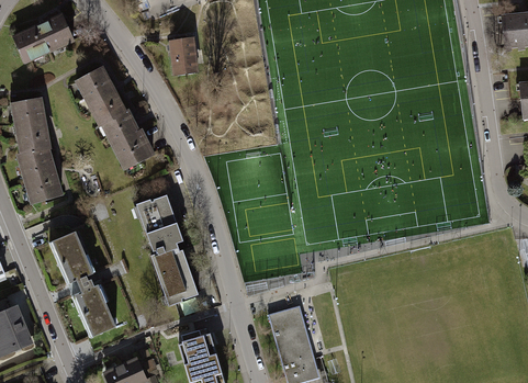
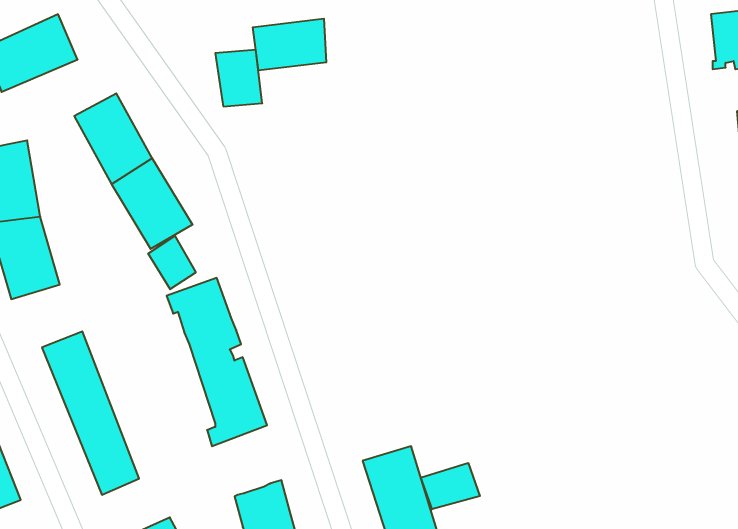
building: none -> [253,19,326,71]
building: none -> [148,236,196,289]
building: none -> [421,463,480,509]

